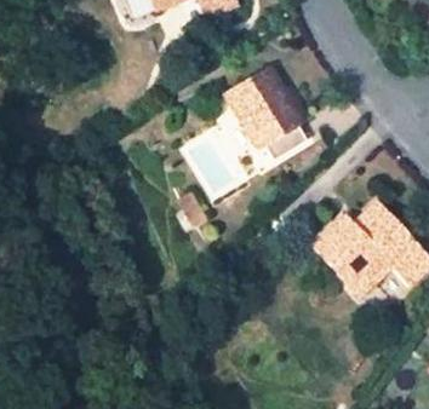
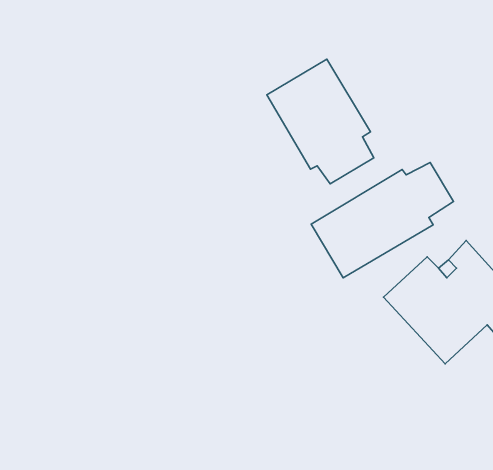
building: none -> [311,163,454,278]

